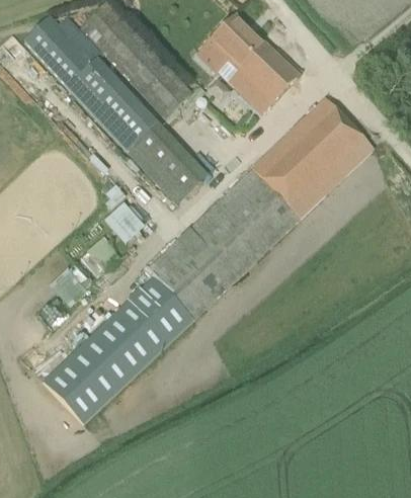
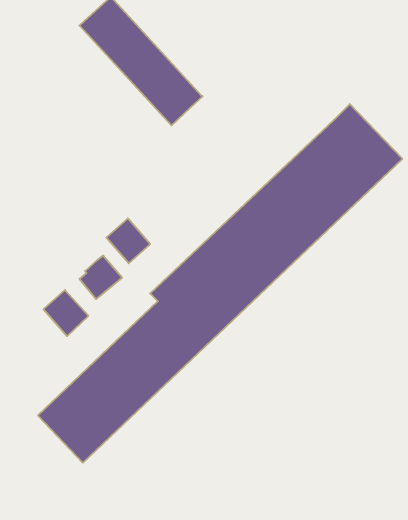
building: [201,14,299,111] -> none
building: [23,15,208,203] -> none

